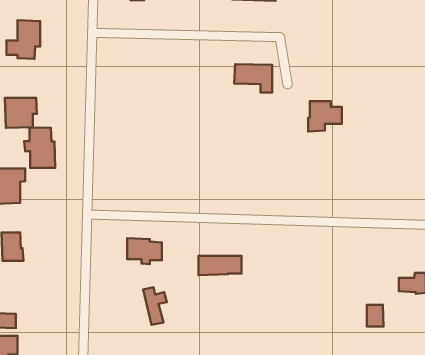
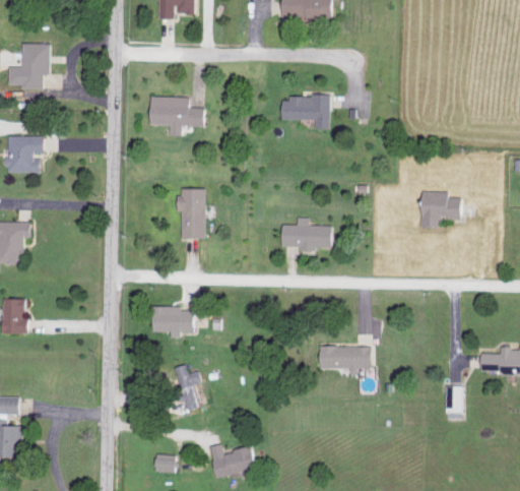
building: none -> [151,97,205,136]
building: [308,101,342,131] -> [421,191,462,228]
building: [24,128,55,168] -> none
building: none -> [180,188,205,239]
building: none -> [280,218,332,249]
building: [199,256,242,275] -> [321,347,373,370]

